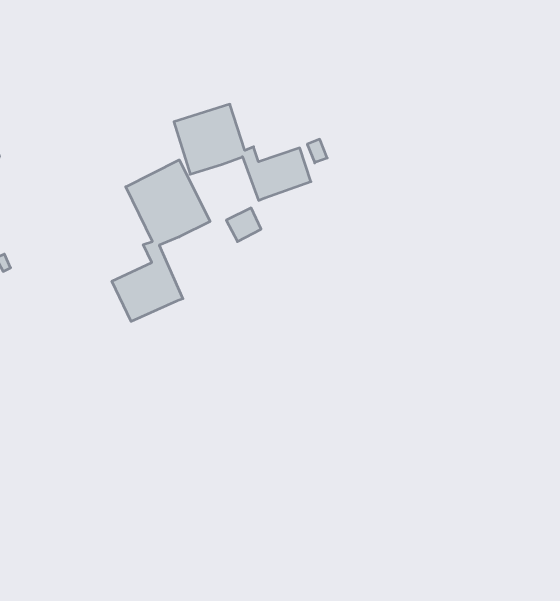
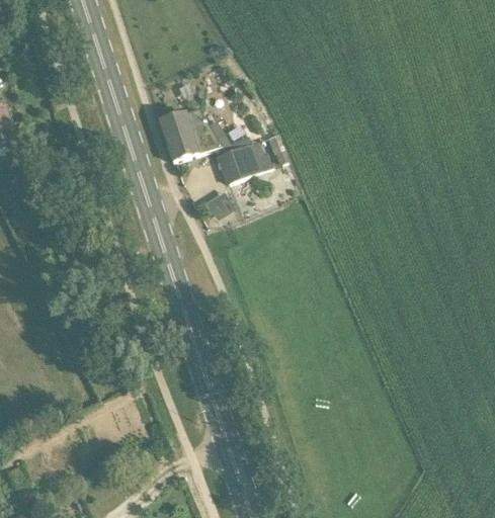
building: [112,160,210,321] -> none

